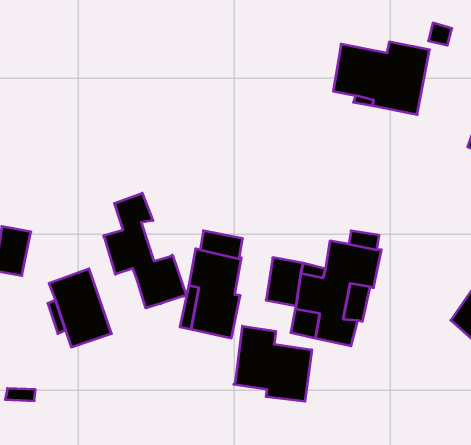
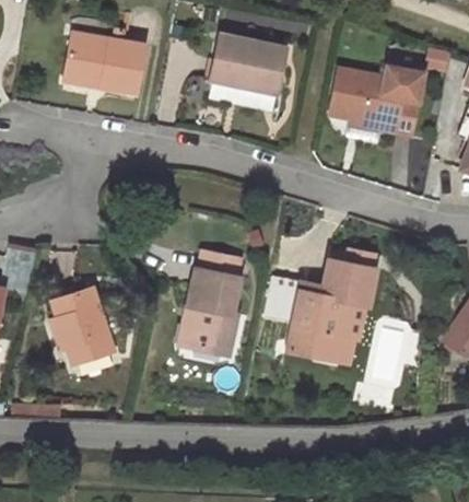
building: none -> [67,34,145,93]
building: none -> [213,35,285,93]
building: [104,193,187,308] -> none
building: [234,326,312,401] -> none

